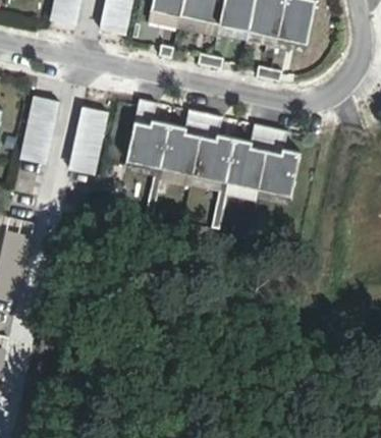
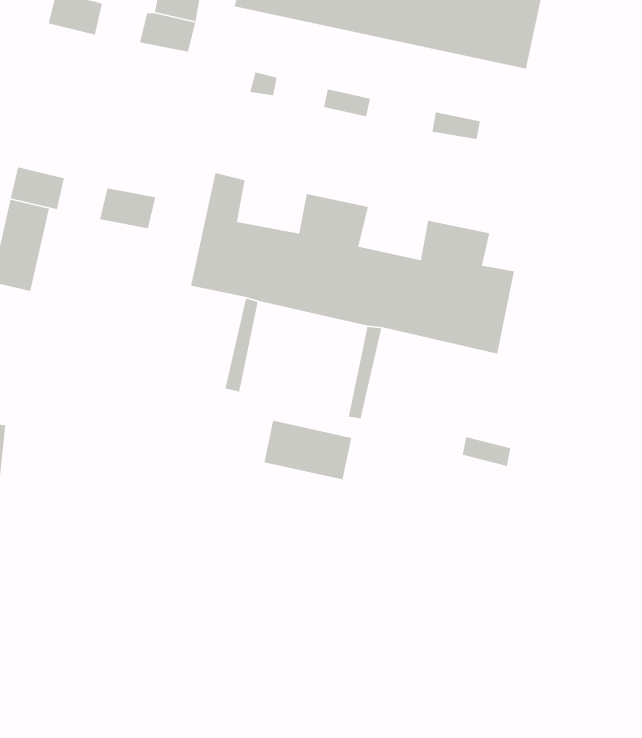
building: [72,125,104,175] -> none
building: none -> [263,420,352,480]

